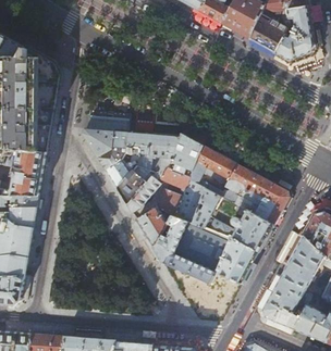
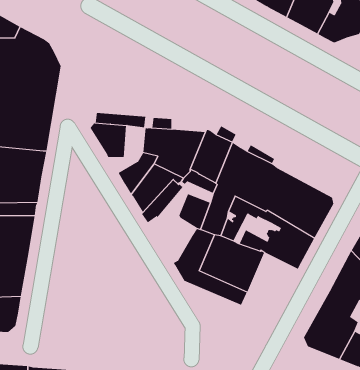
building: [96,129,127,170] -> none
building: [134,205,167,246] -> none
building: [213,237,257,283] -> none

